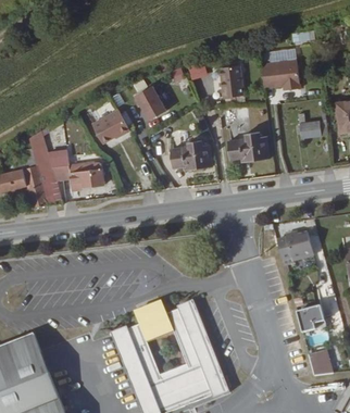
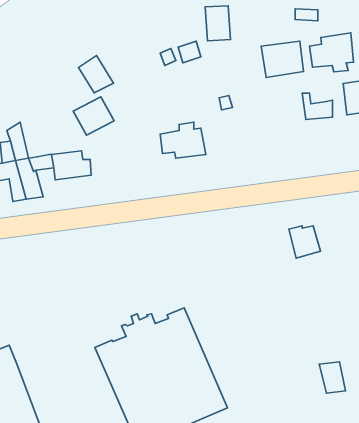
building: none -> [310,33,354,72]
building: [220,65,242,97] -> [205,6,231,41]
building: [136,84,167,117] -> [78,56,113,93]
building: [228,125,267,160] -> none
building: [292,304,323,333] -> none

